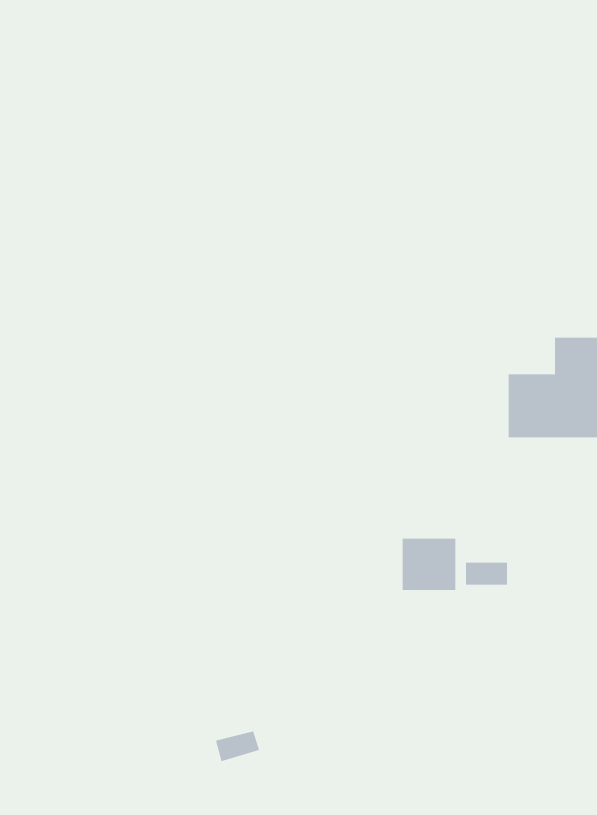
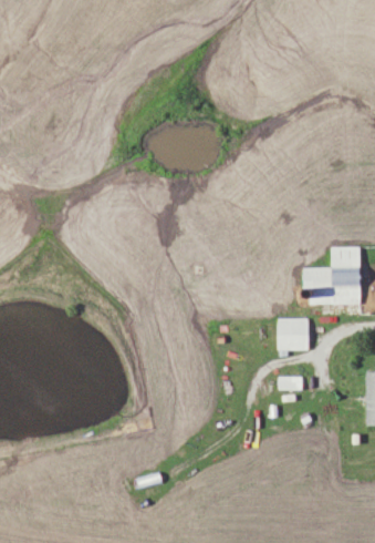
building: [402,538,456,591] -> [278,319,309,349]

